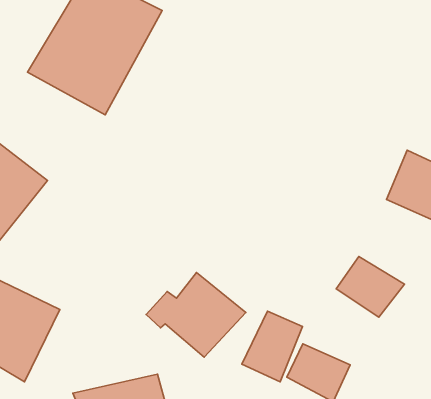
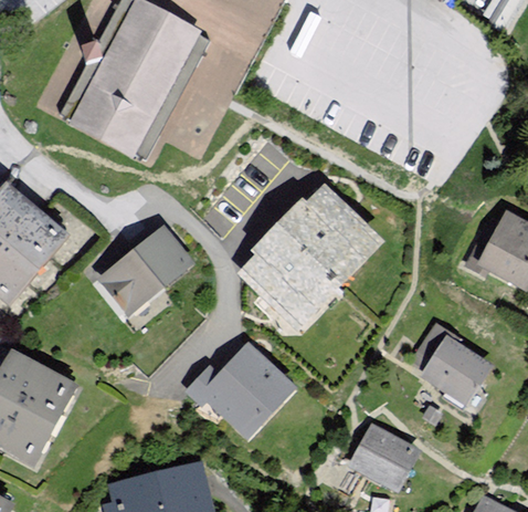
building: none -> [236,181,389,334]
building: none -> [96,224,194,320]
building: [242,311,302,382] -> none

